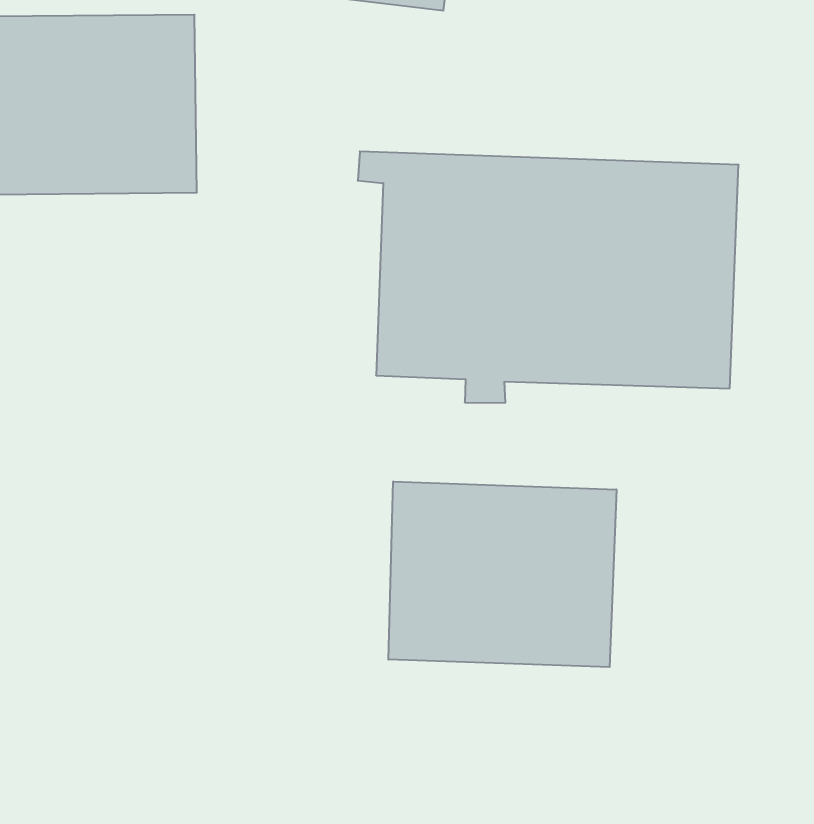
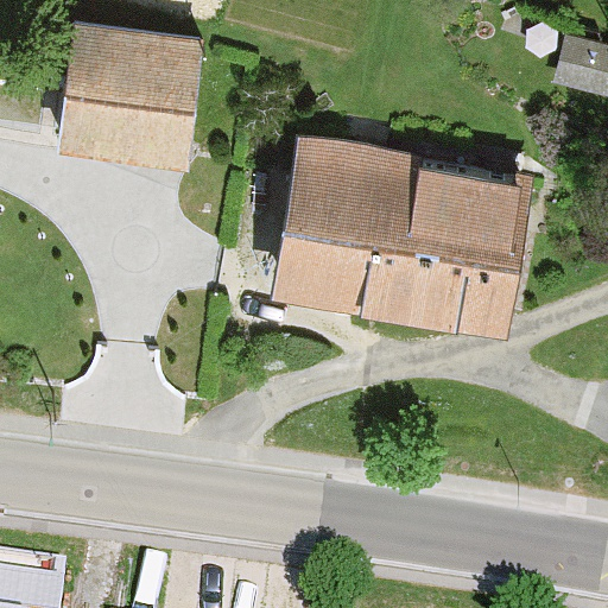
building: [388,481,616,667] -> none

